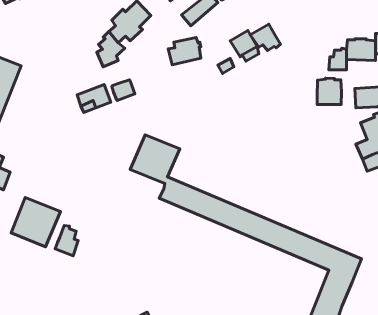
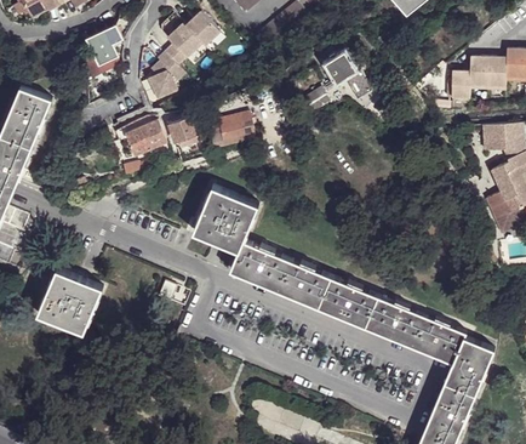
building: none -> [85,24,122,75]
building: [250,24,281,51] -> none
building: [168,38,201,65] -> [211,110,253,146]
building: [317,78,341,105] -> none
building: [55,225,78,256] -> none

